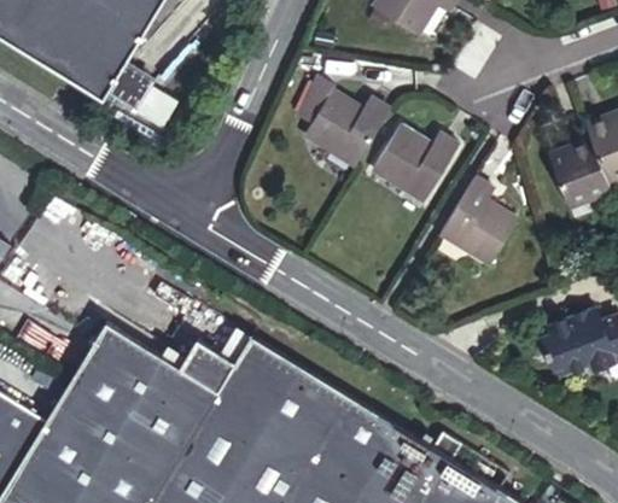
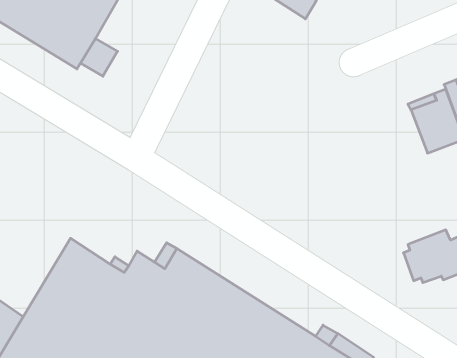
building: [282,80,385,177] -> none
building: [358,128,447,207] -> none
building: [442,172,513,263] -> none

